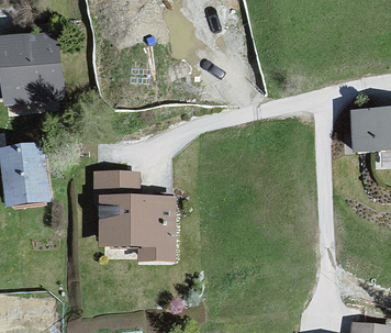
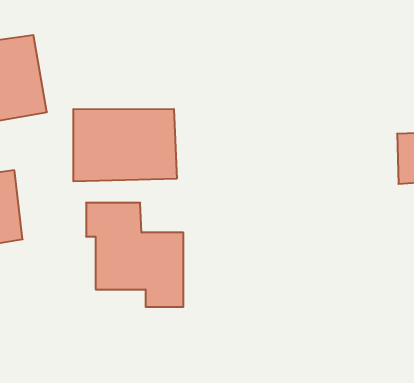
building: none -> [73,109,177,181]

